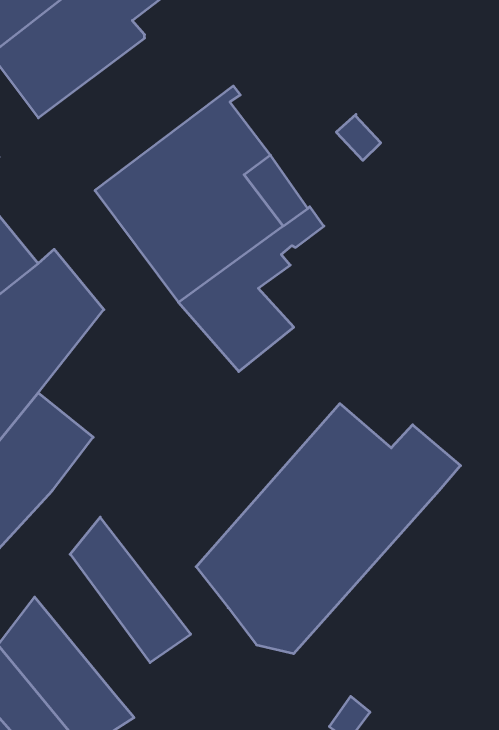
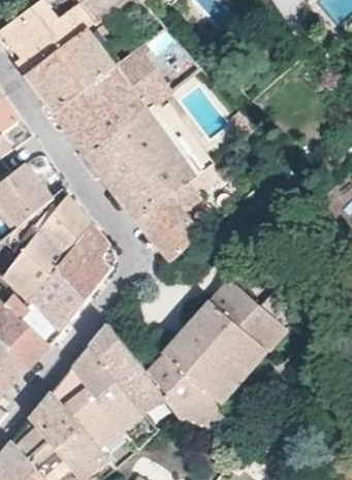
building: none -> [53,50,168,156]
building: none -> [53,225,111,299]
building: none -> [89,323,163,414]
building: none -> [51,367,120,450]

